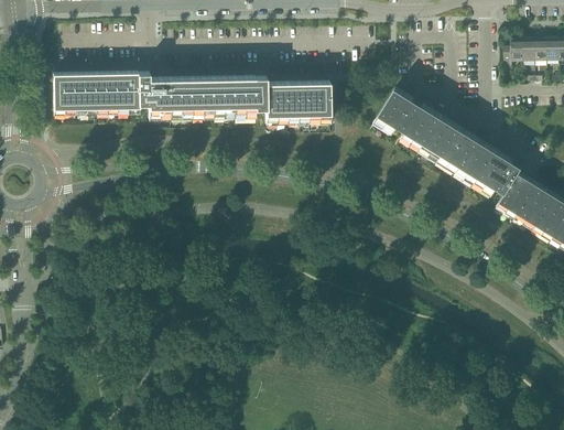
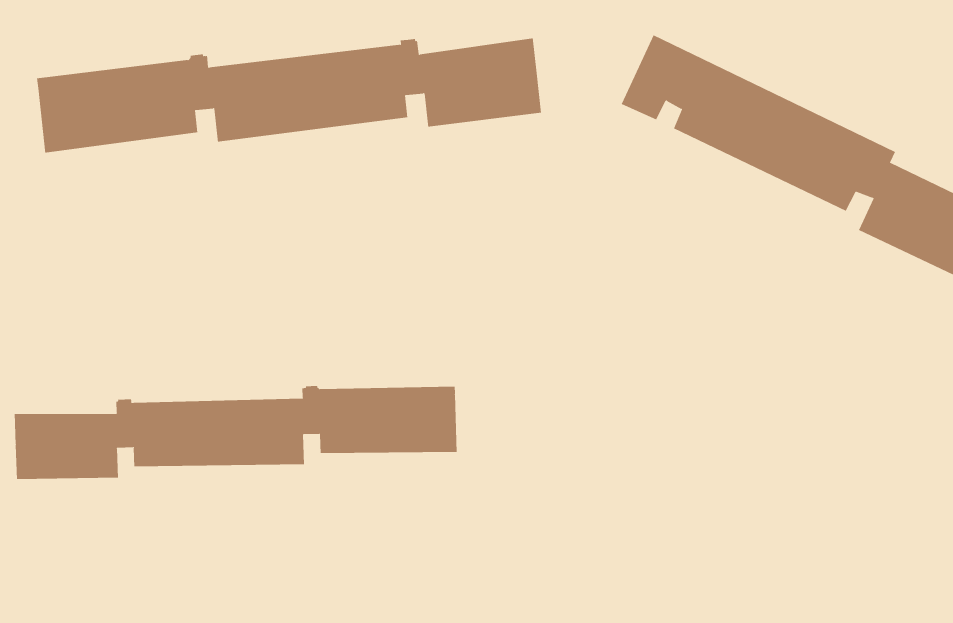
building: none -> [14,385,457,480]

